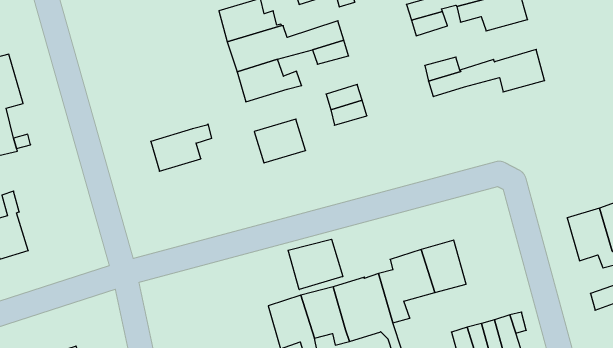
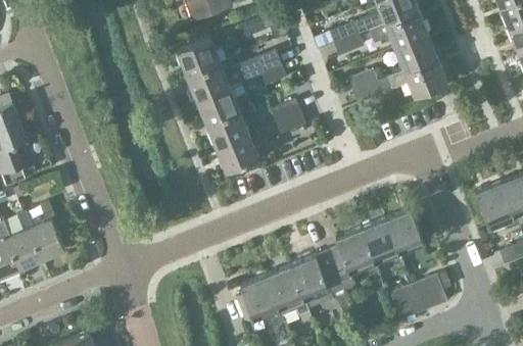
building: none -> [395,35,437,71]
building: [151,124,212,171] -> [206,104,255,146]
building: none -> [30,203,64,259]
building: none -> [385,208,424,253]
building: [288,239,343,290] -> none

